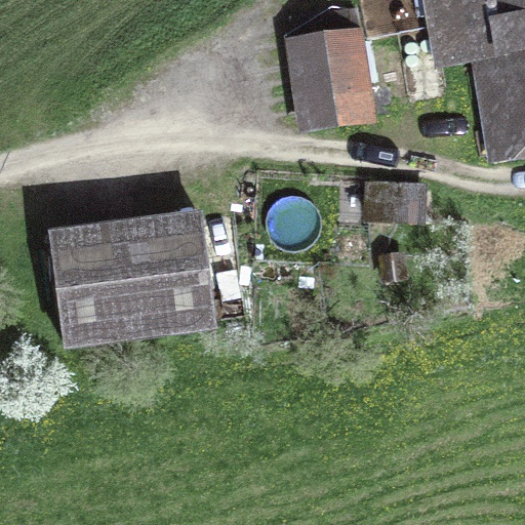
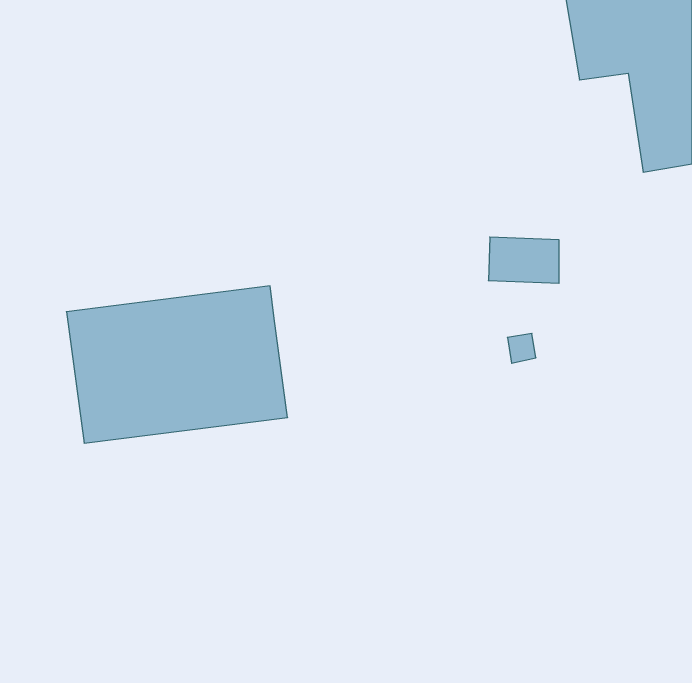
building: [286,30,373,130] -> none

